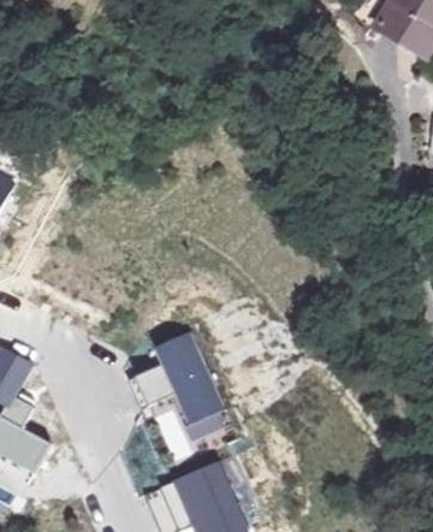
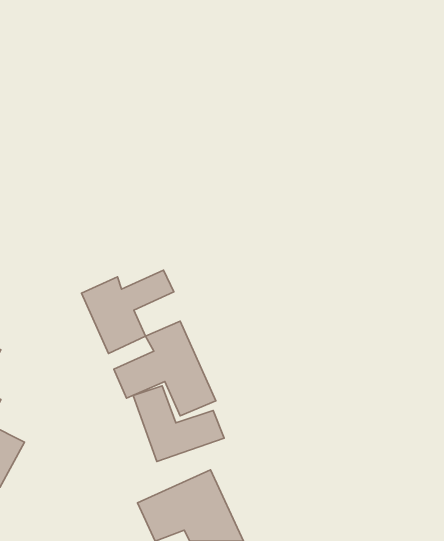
building: none -> [81,270,174,353]

